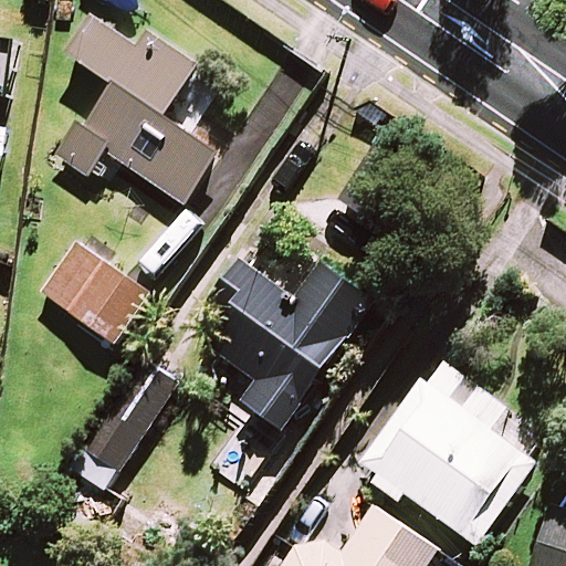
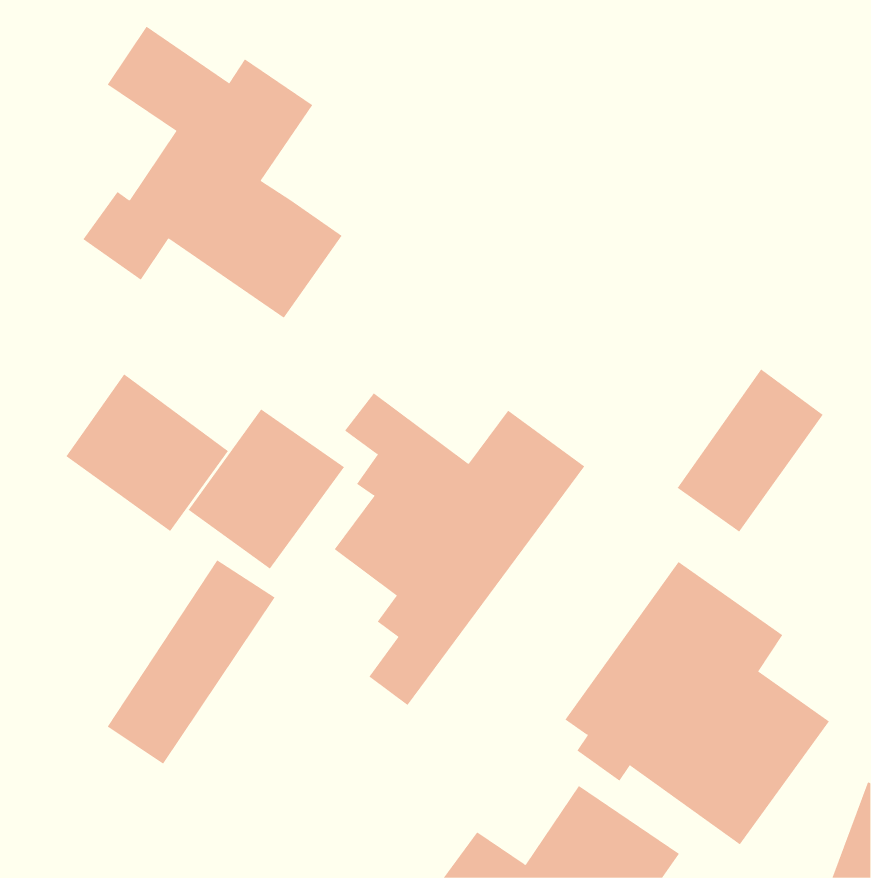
building: none -> [677,369,824,533]
building: none -> [188,408,345,570]

